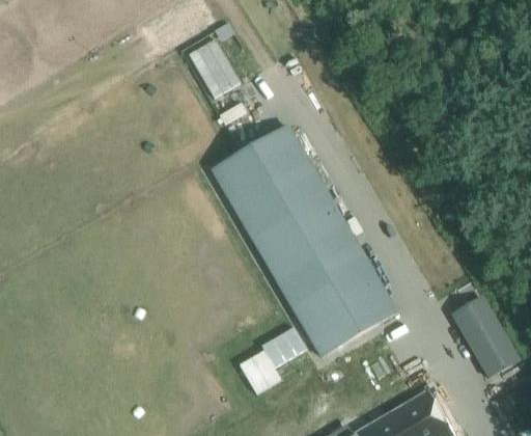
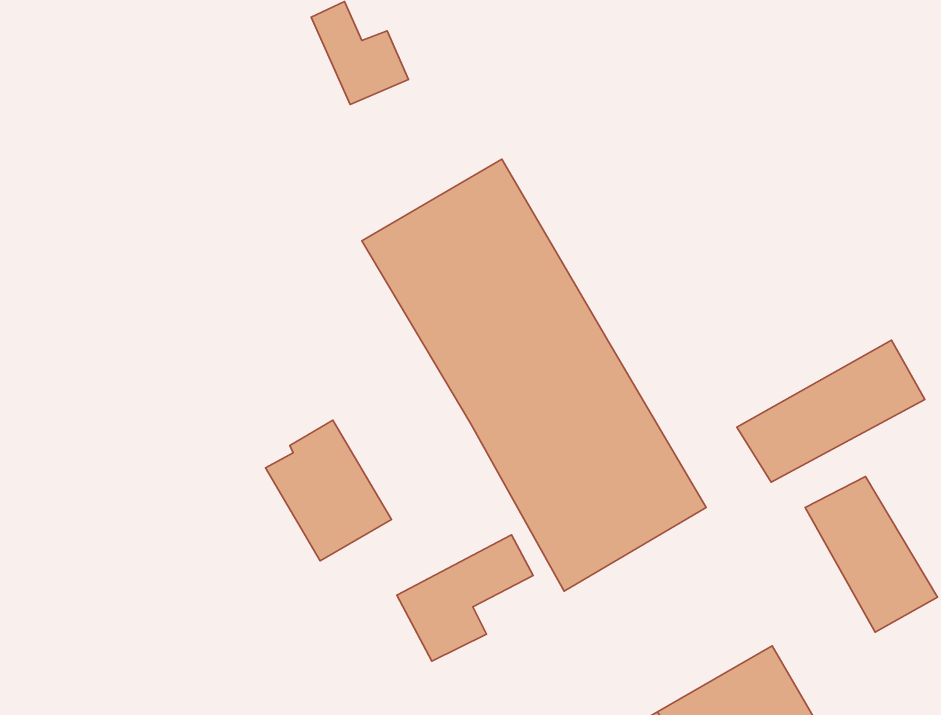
building: none -> [737,340,925,482]
building: none -> [265,420,392,561]

